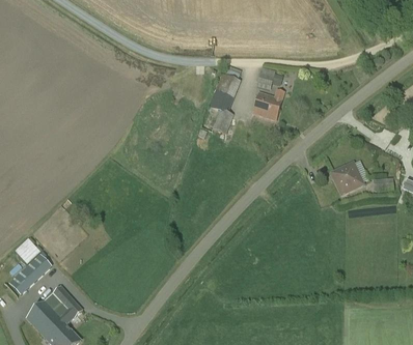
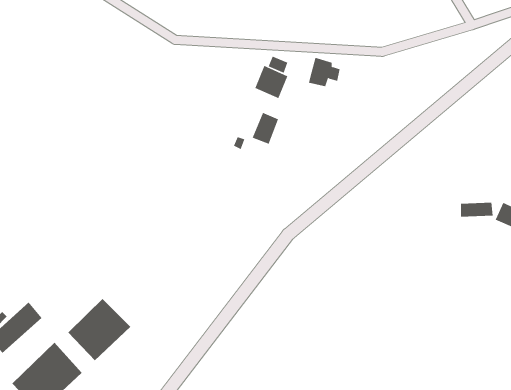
building: [251,89,283,119] -> none
building: [331,162,362,193] -> none
building: none -> [67,298,131,361]

